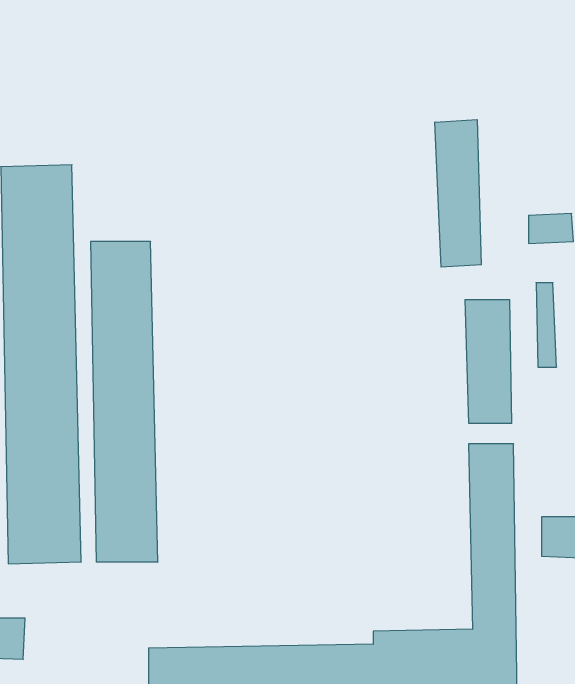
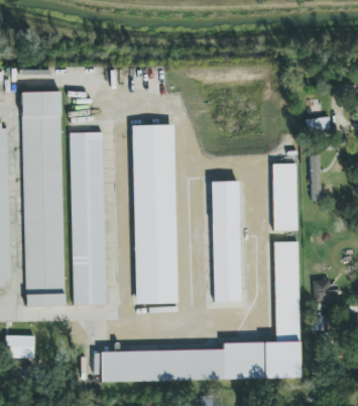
building: [435,120,481,267] -> none
building: none -> [132,124,177,304]
building: none -> [211,181,242,301]

